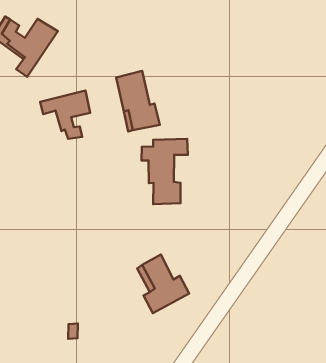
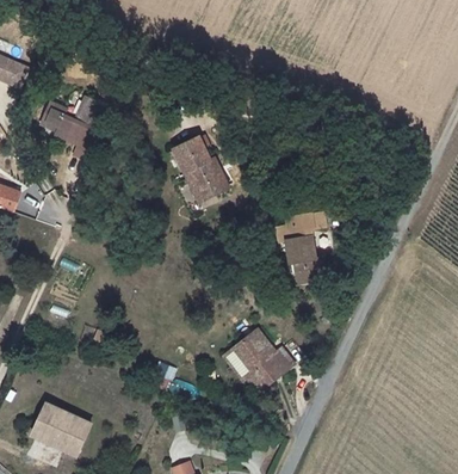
building: [40,90,90,139] -> none
building: [142,139,188,204] -> [279,210,330,285]

